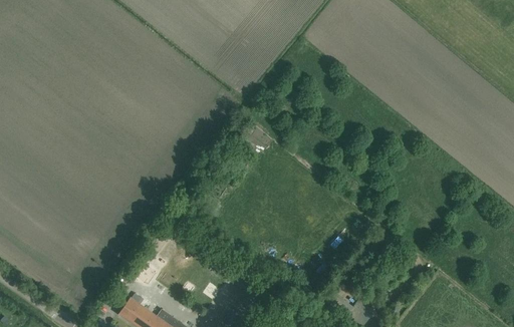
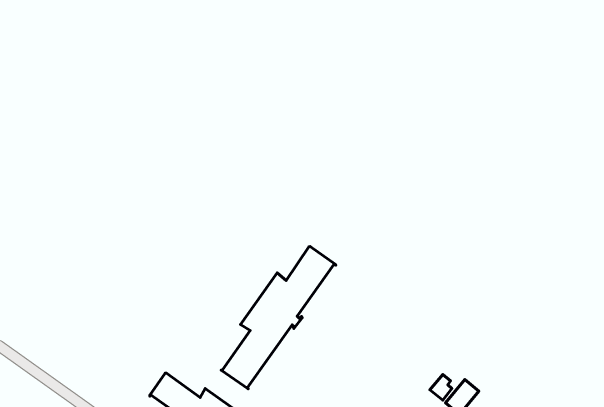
building: none -> [221,246,336,389]

